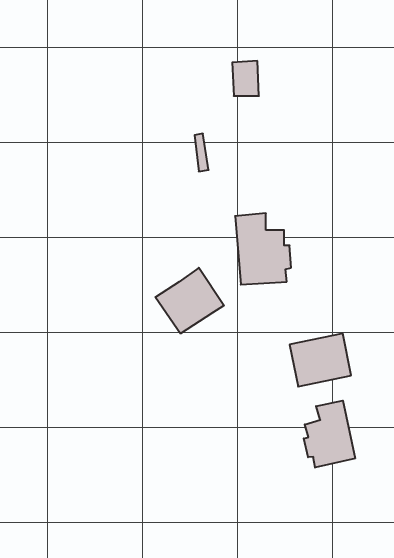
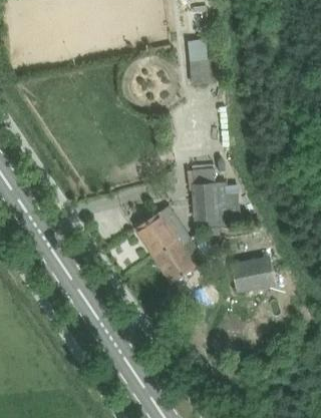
building: none -> [152,236,202,284]
building: [304,401,355,468] -> none

